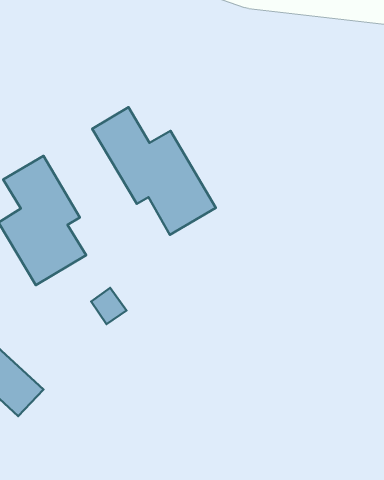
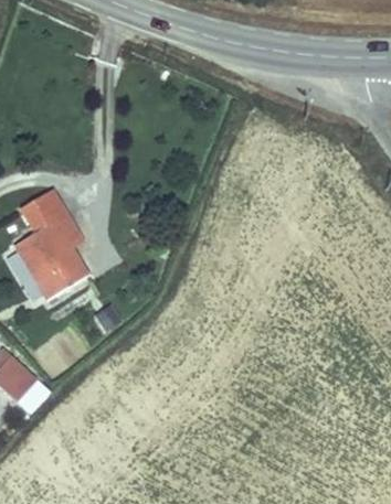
building: [92,107,216,235] -> none

